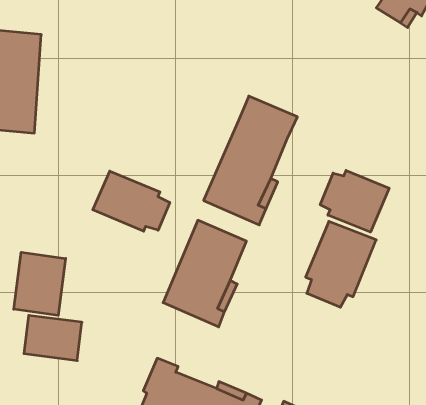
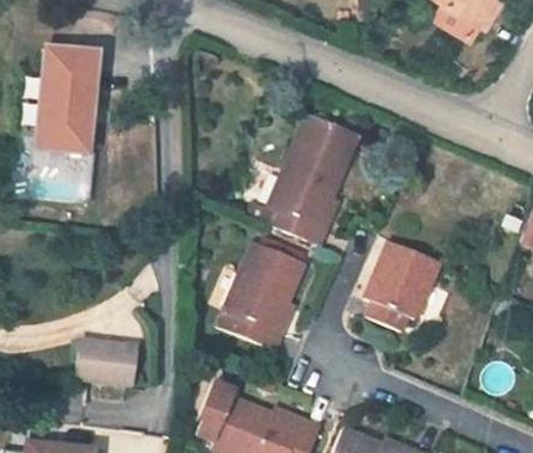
building: [320,170,389,232] -> none
building: [93,171,170,231] -> none
building: [14,252,66,315] -> none

